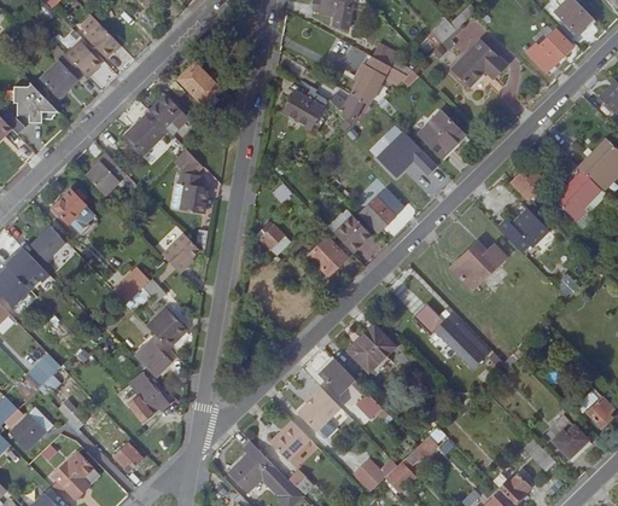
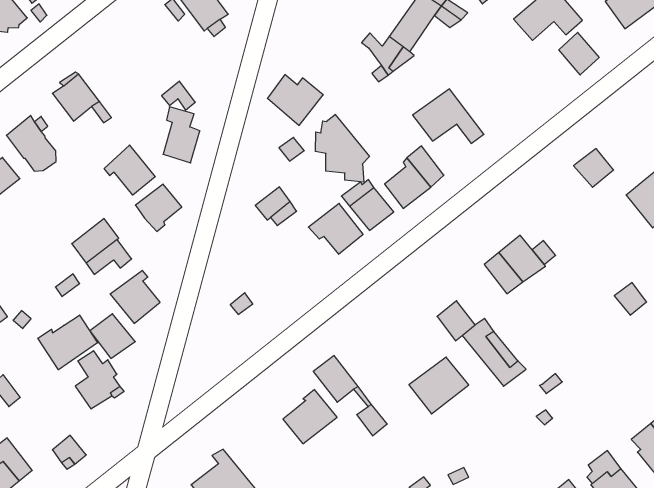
building: none -> [559,32,599,75]
building: [282,88,327,128] -> [267,75,323,125]
building: [151,98,188,135] -> none
building: [415,109,465,157] -> none
building: [123,117,163,157] -> none
building: none -> [315,114,369,182]
building: none -> [104,145,155,195]
building: [499,209,548,252] -> none
building: [348,325,396,372] -> [409,357,469,414]
building: none -> [38,315,98,370]
building: [270,420,310,460] -> none

